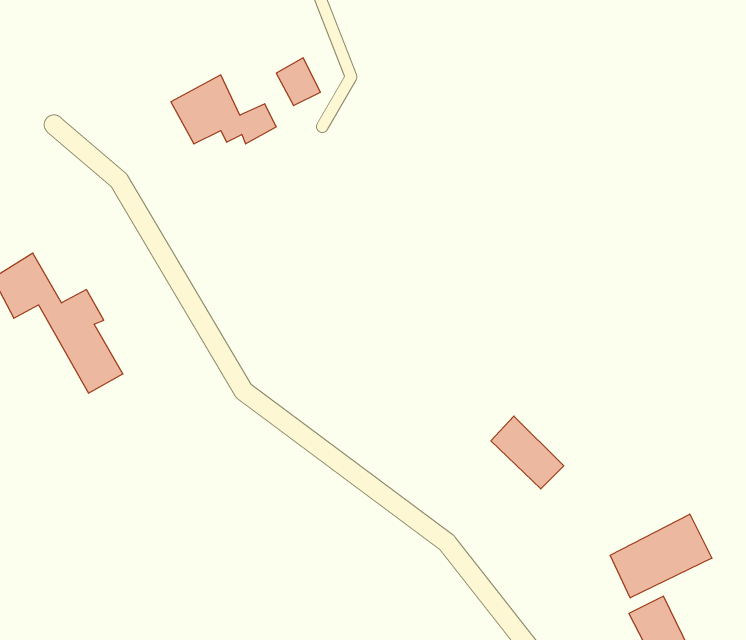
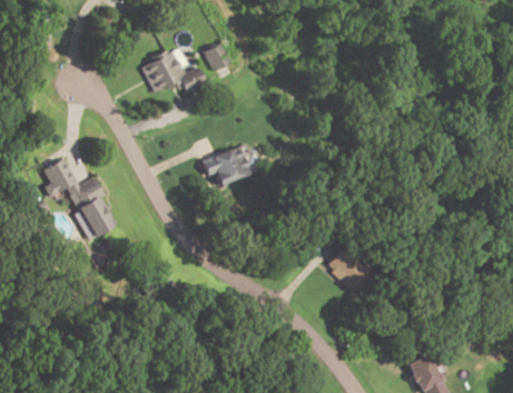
building: none -> [199,141,257,185]
building: [610,514,712,598] -> none

